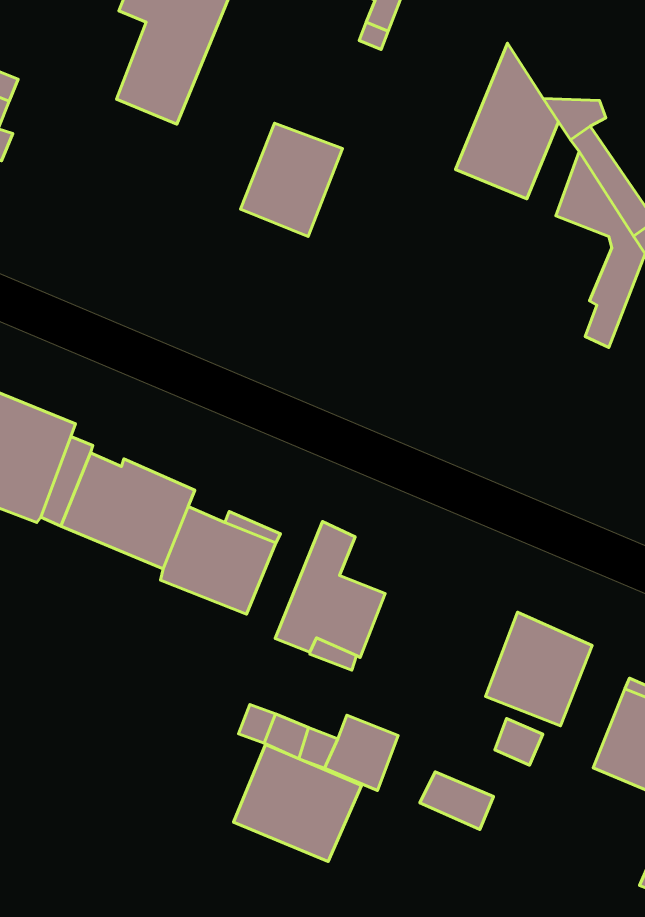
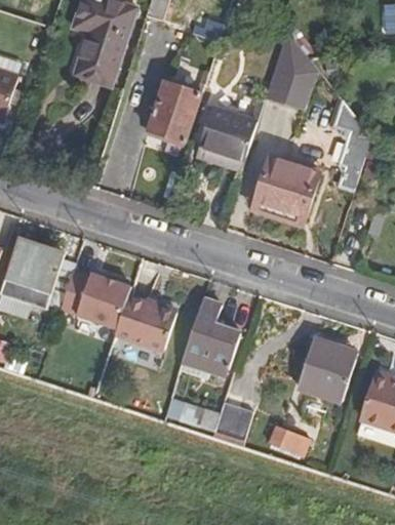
building: none -> [196,108,255,169]
building: none -> [255,158,318,220]
building: [234,745,362,861] -> none

